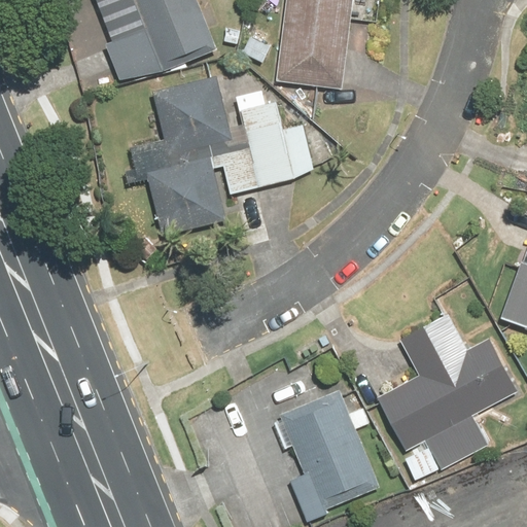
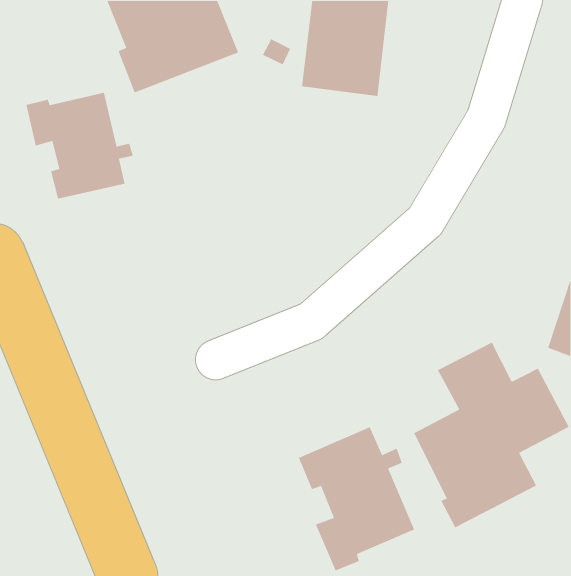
building: [130,72,313,237] -> none
building: none -> [25,92,134,200]

